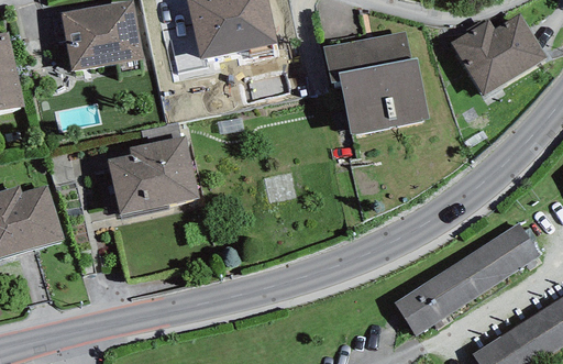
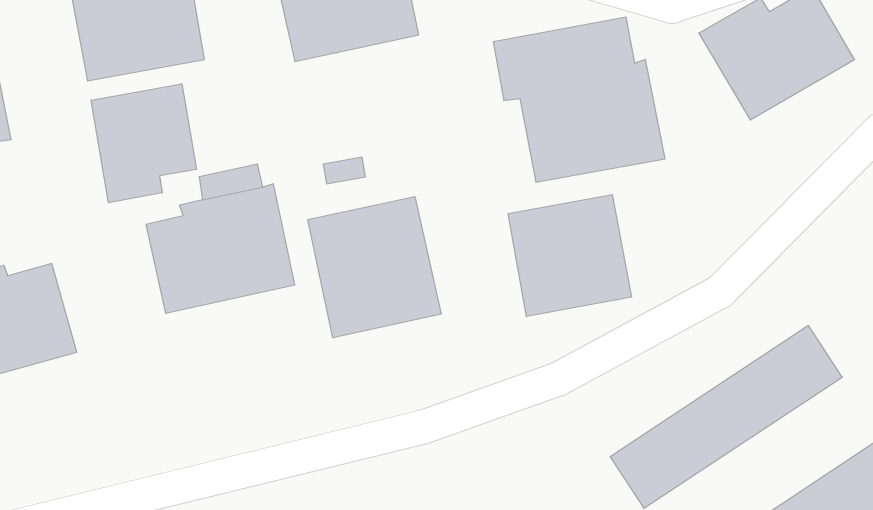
building: none -> [91,84,197,203]
building: none -> [508,195,632,317]
building: none -> [308,197,441,338]

